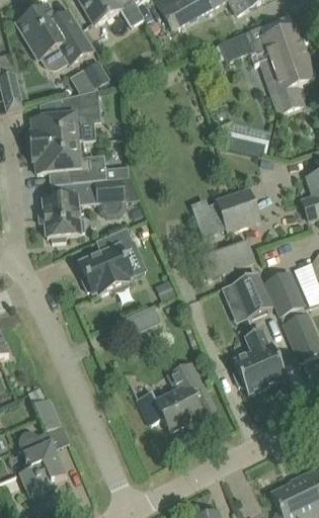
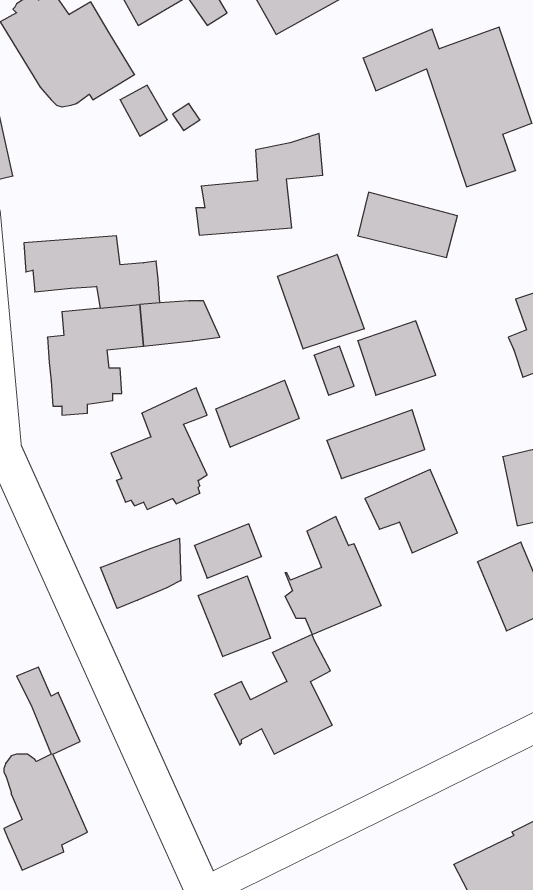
building: [28,88,99,145] -> [196,134,323,235]
building: none -> [277,254,364,349]
building: none -> [216,380,299,447]
building: [265,270,305,315] -> none
building: none -> [100,538,181,608]
building: [233,328,287,394] -> [285,517,381,634]
building: none -> [198,576,271,657]

